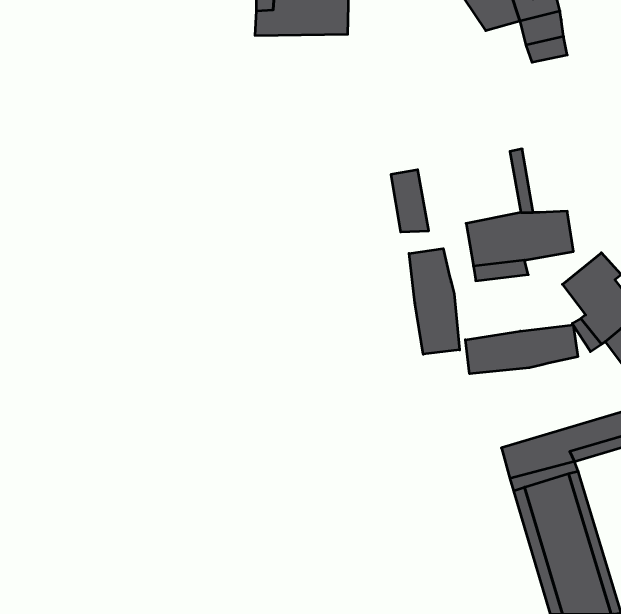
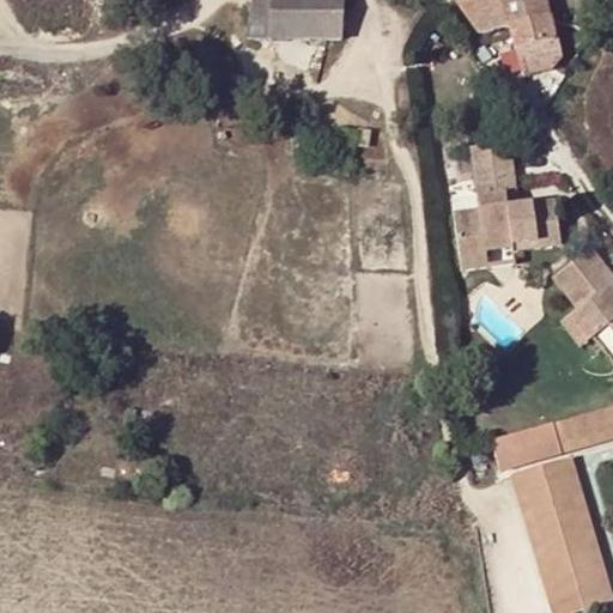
building: [391,170,429,232] -> [477,148,514,210]
building: [409,249,460,354] -> none
building: [465,325,578,374] -> none

